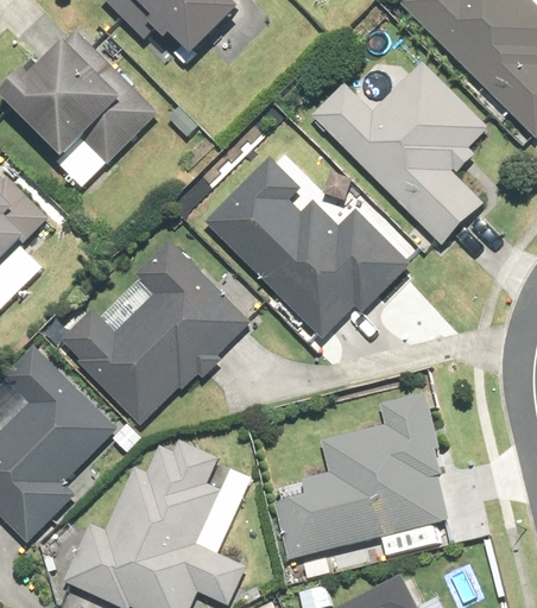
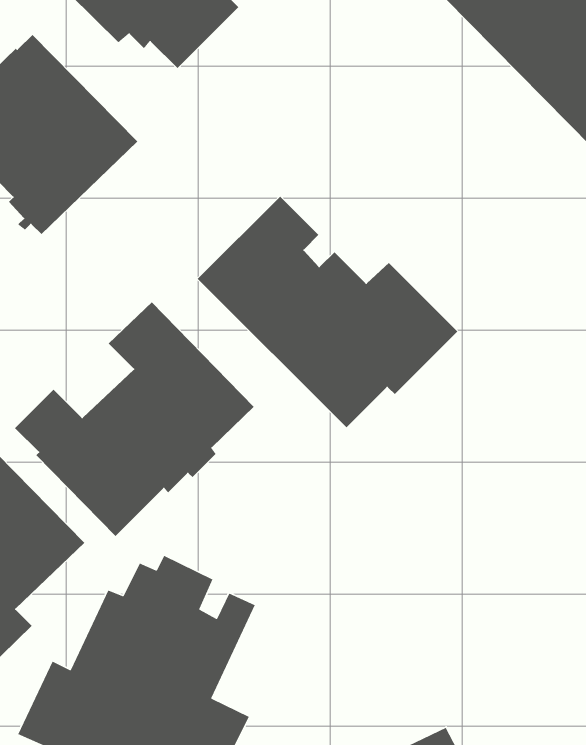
building: [311,59,488,243] -> none
building: [273,392,449,558] -> none

